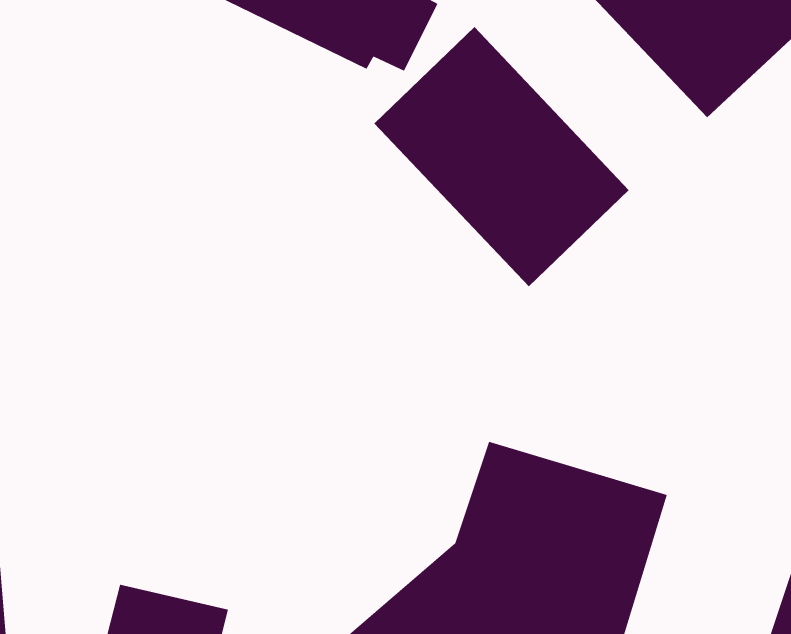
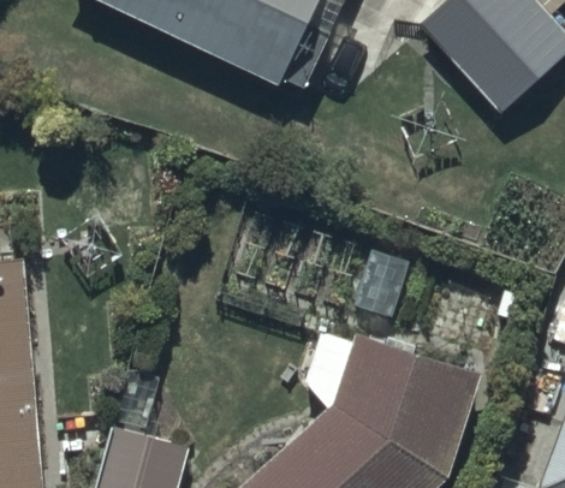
building: [374,26,630,287] -> none

